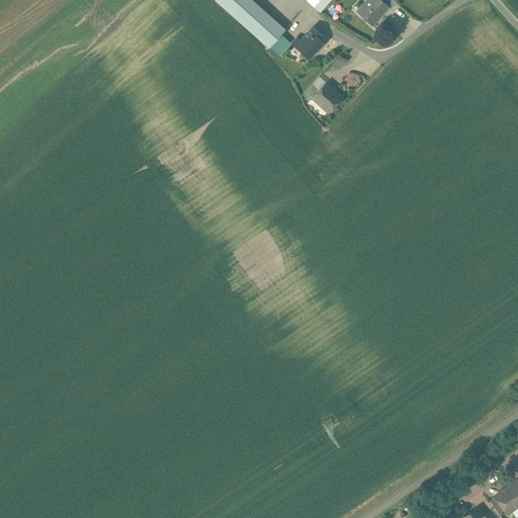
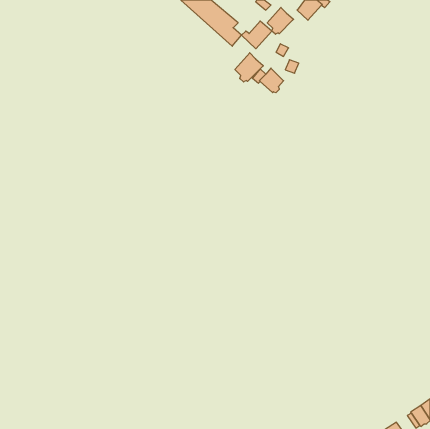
building: none -> [267,7,294,34]
building: none -> [235,53,263,82]

